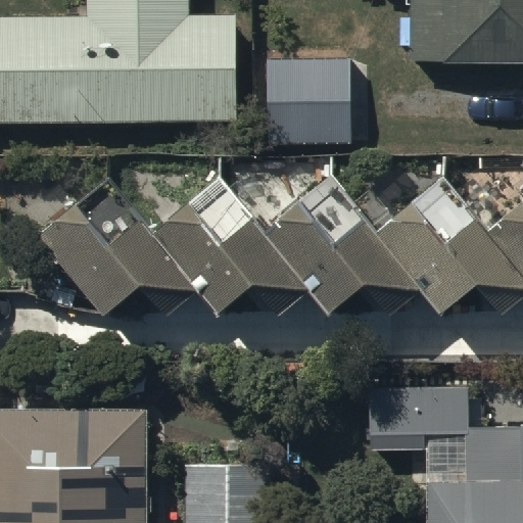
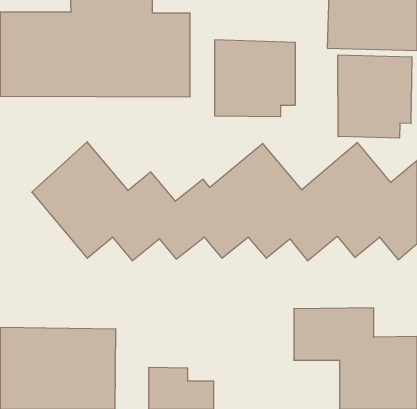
building: none -> [338,55,412,138]

